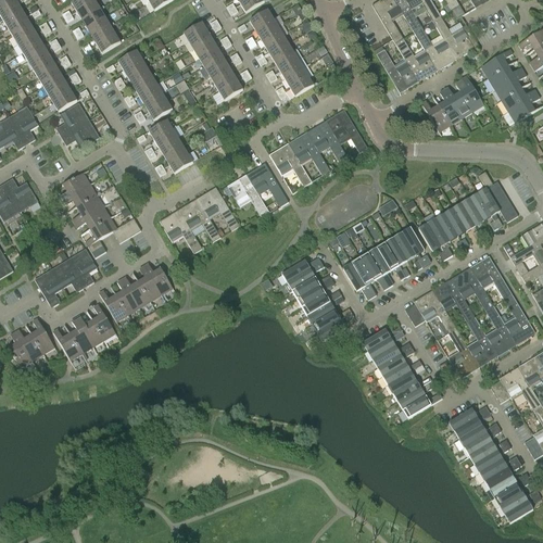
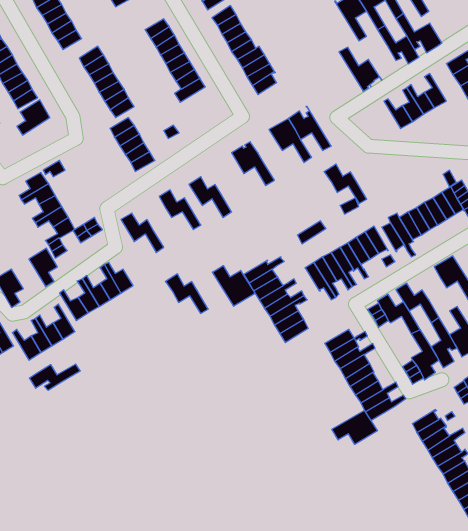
building: [395,38,437,76] -> none
building: [62,118,100,148] -> none
building: [288,135,330,174] -> [324,164,367,204]
building: [245,166,289,205] -> none
building: [178,201,220,240] -> [165,274,208,313]
building: [51,258,85,291] -> none
building: none -> [212,266,255,306]
building: [452,270,493,310] -> none
building: none -> [29,364,80,390]
building: none -> [332,411,377,444]

